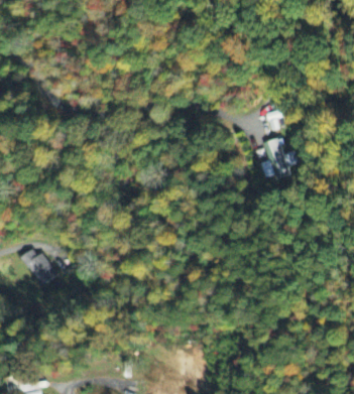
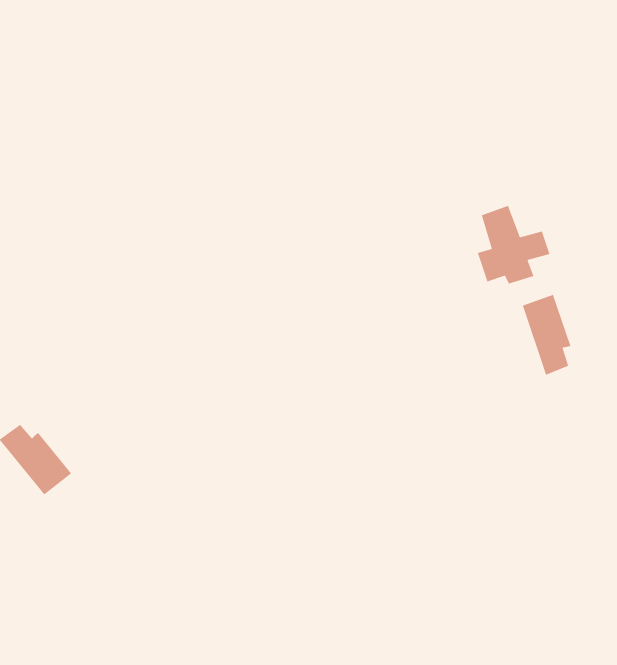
building: none -> [522,294,572,376]

